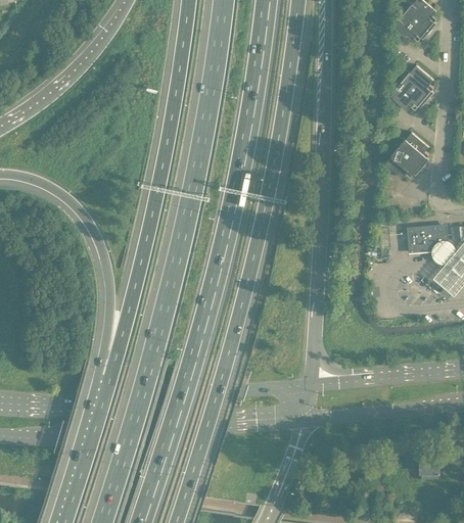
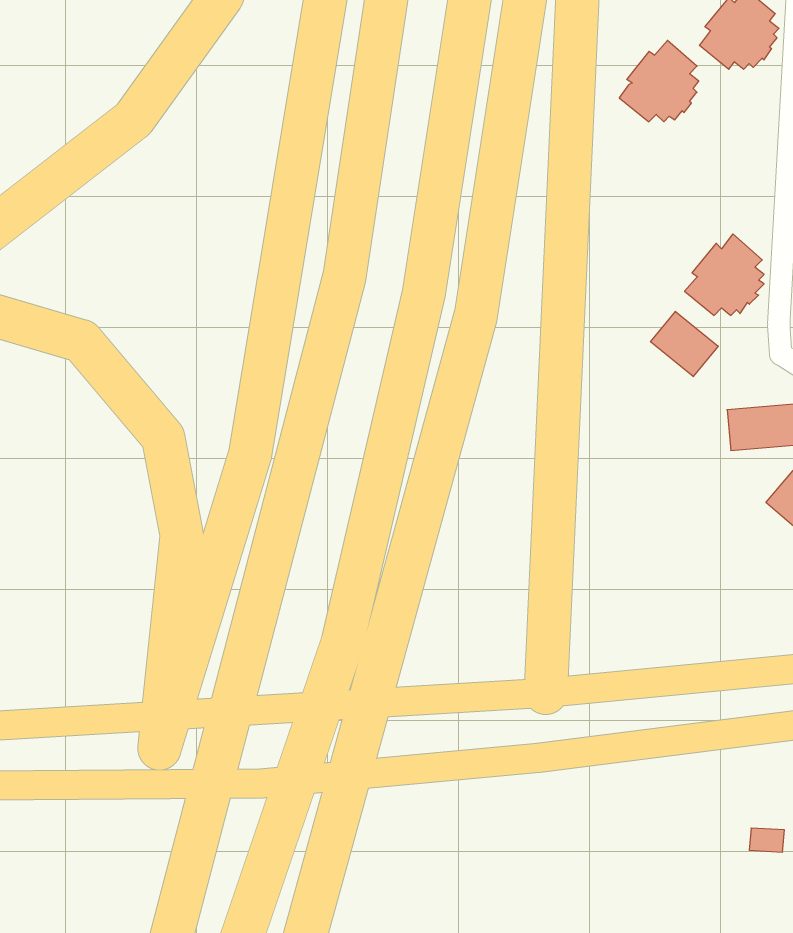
building: [390,63,434,108] -> [619,40,699,122]
building: none -> [651,311,718,377]

